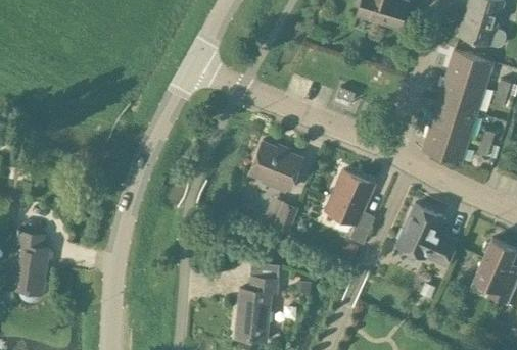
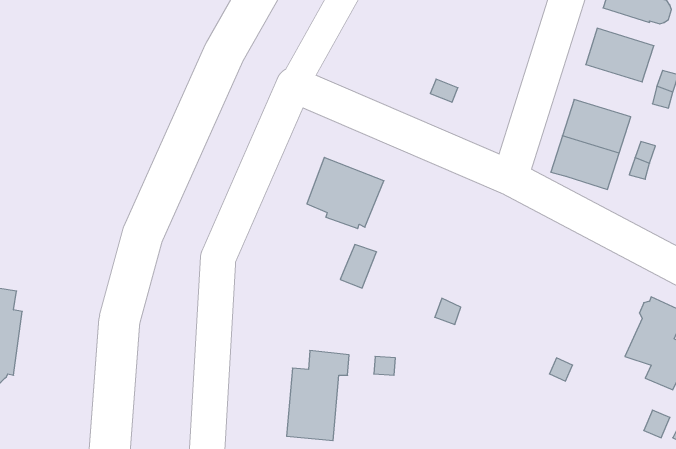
building: [437,76,485,112] -> none
building: [326,170,374,243] -> none
building: [396,204,457,264] -> none

